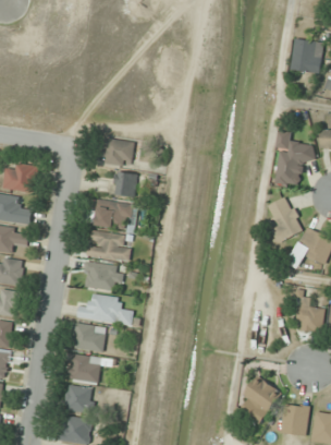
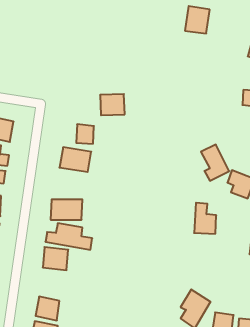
building: [291,38,321,72] -> [185,6,210,33]
building: [277,131,314,183] -> none
building: [102,140,133,166] -> [100,94,125,115]
building: [87,230,130,262] -> none
building: [296,293,323,332] -> [194,203,216,234]
building: [70,354,100,382] -> none

